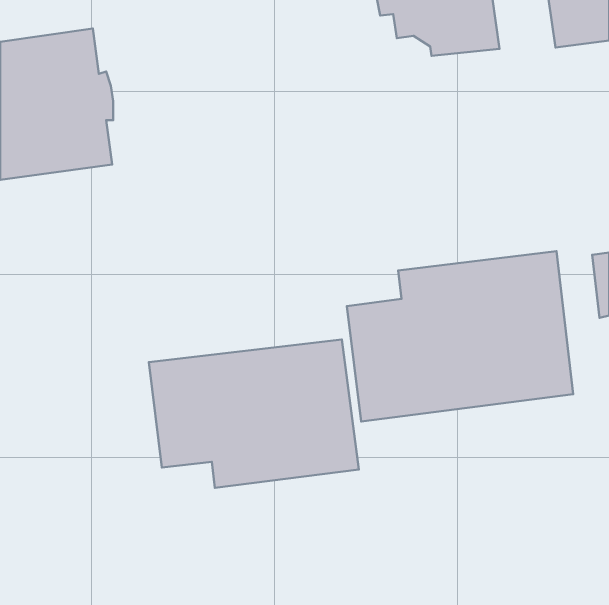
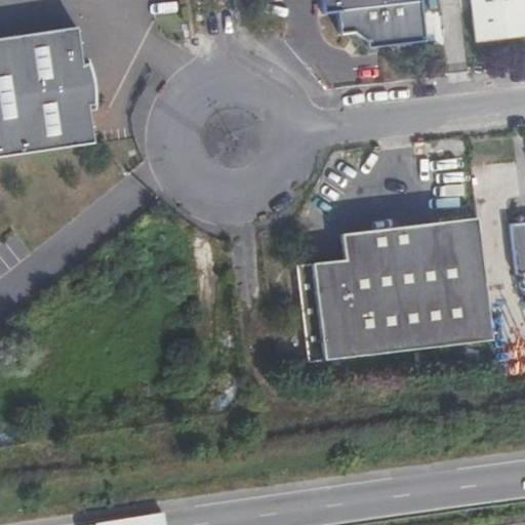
building: [149,339,359,488] -> none

